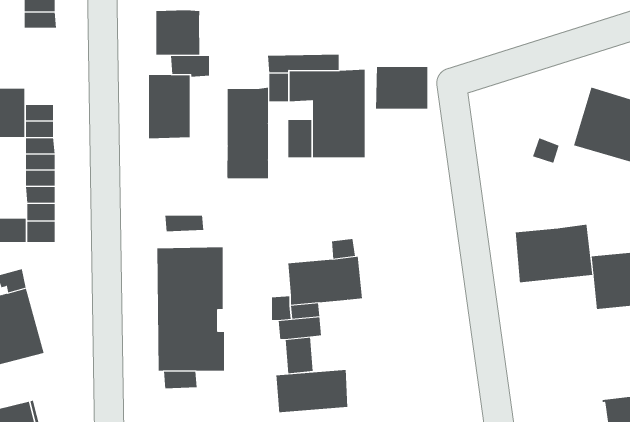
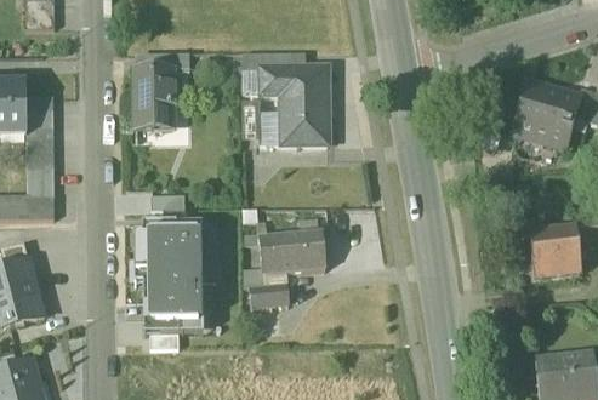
building: [156,10,200,55] -> none
building: [375,66,428,110] -> none
building: [227,87,268,179] -> none
building: [515,224,593,283] -> none
building: [276,369,348,413] -> none

